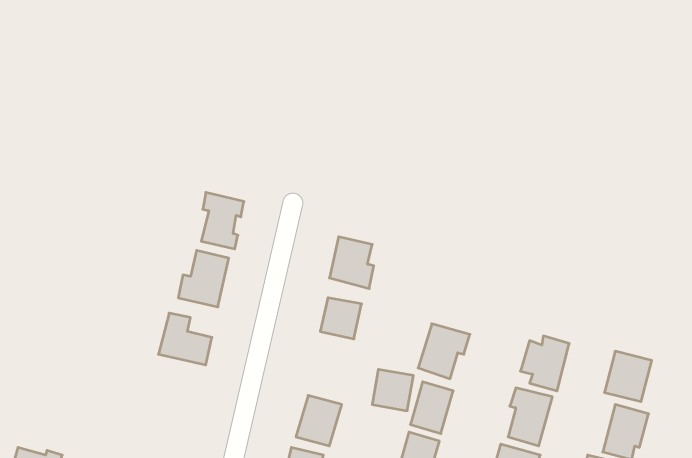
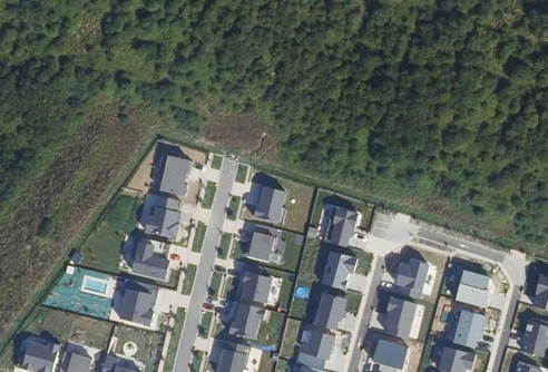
building: none -> [326,207,356,248]
building: none -> [120,280,162,322]
building: [372,369,413,411] -> [236,272,266,302]

